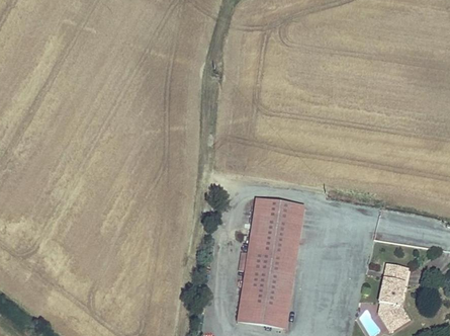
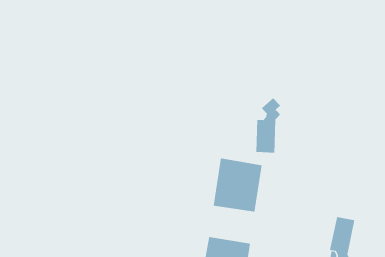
building: none -> [256,97,281,154]
building: [243,251,295,293] -> none

